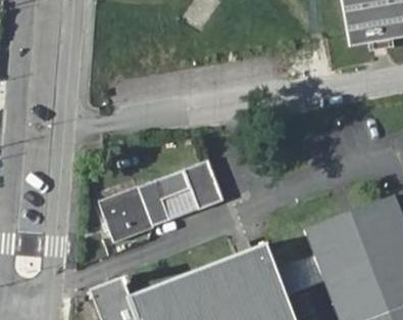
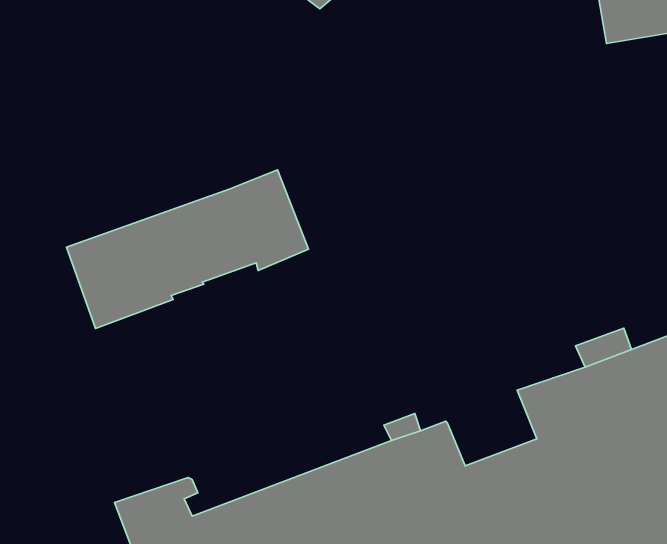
building: [101,161,229,244] -> [67,170,309,329]

